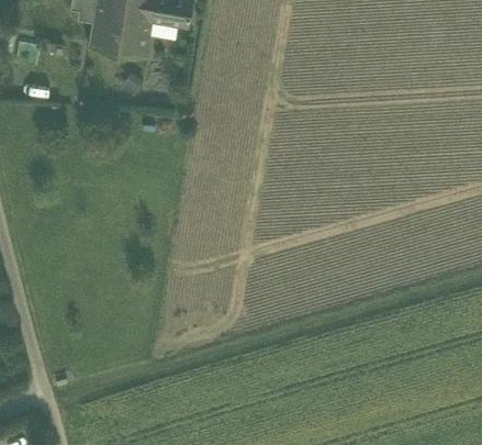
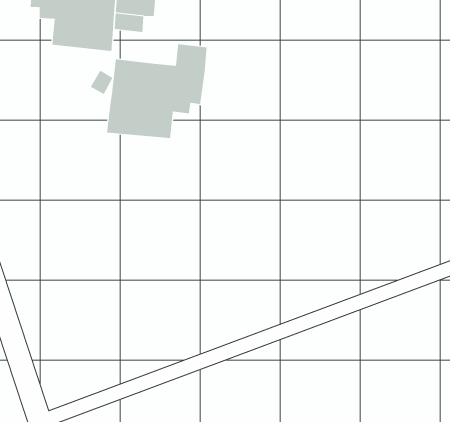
building: none -> [107,43,207,139]

